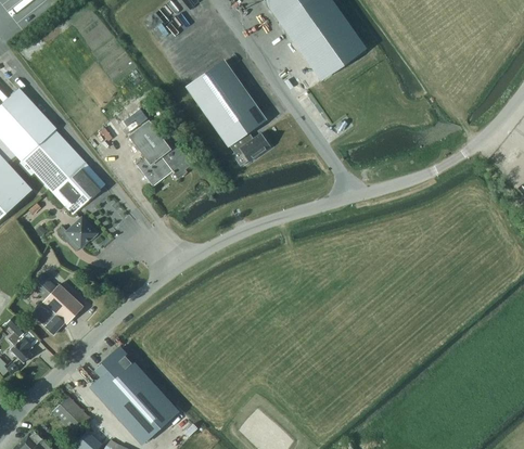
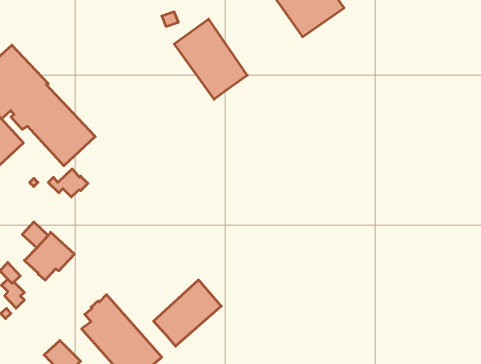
building: [128,119,194,185] -> none
building: [229,132,271,162] -> none
building: none -> [154,280,221,346]

